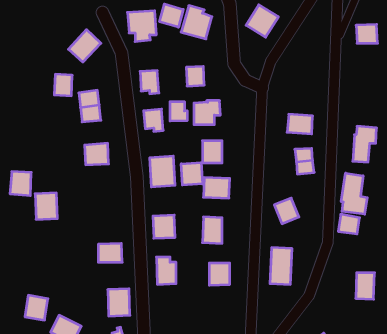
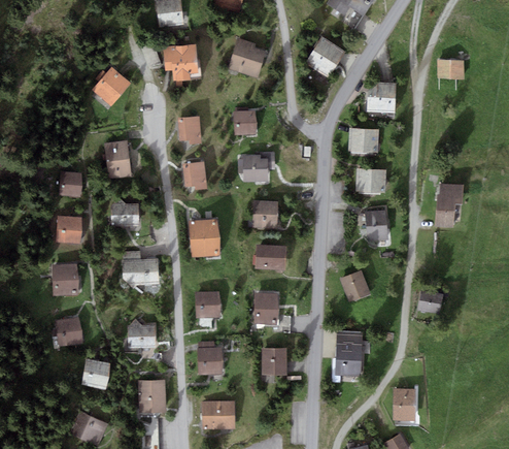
building: [160,4,183,27] -> none
building: none -> [367,82,397,113]
building: [54,74,72,96] -> [59,171,80,197]
building: none -> [348,127,379,152]
building: [170,102,187,121] -> none
building: [181,163,202,185] -> none
building: [10,172,31,196] -> [56,215,81,244]
building: [341,173,367,214] -> none
building: none -> [122,258,159,284]
building: none -> [55,315,82,346]
building: [356,273,375,299] -> [393,388,415,420]
building: [25,295,48,320] -> [82,358,110,388]
building: none -> [202,400,235,428]

